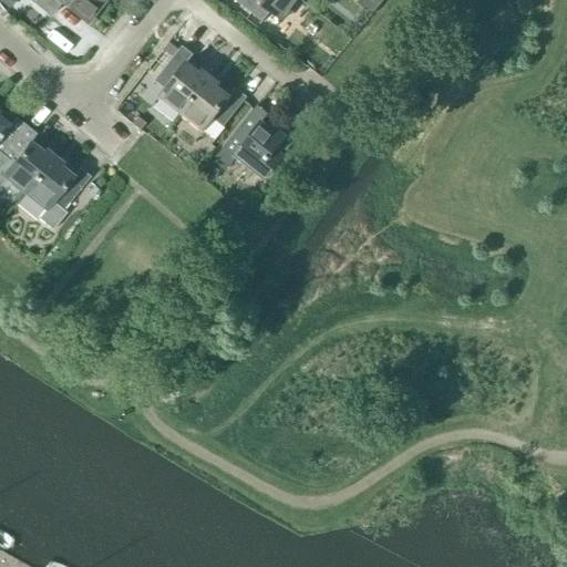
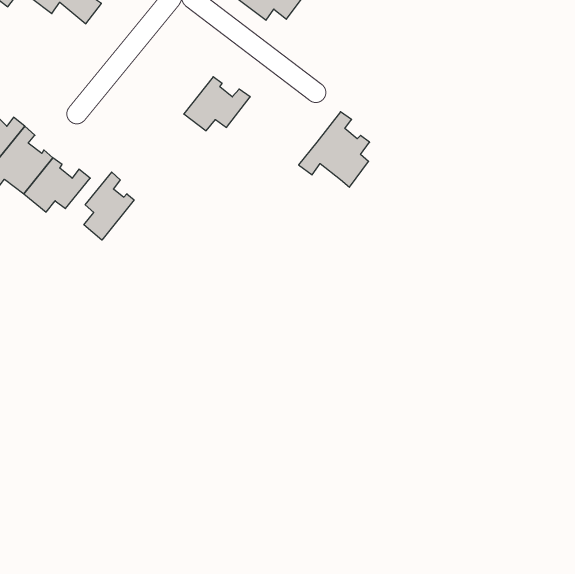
building: [154,44,209,112] -> none
building: [215,104,285,178] -> [299,112,370,187]
building: none -> [84,172,134,240]

